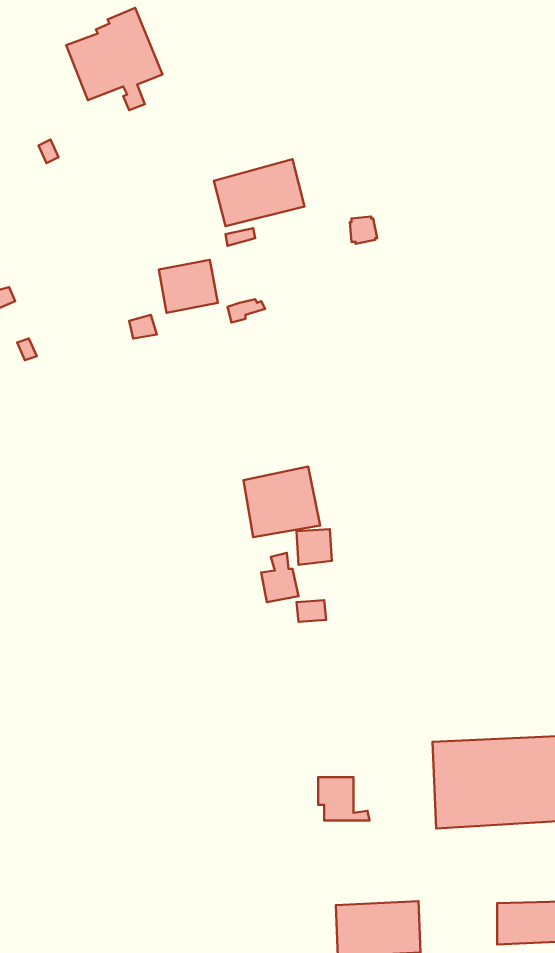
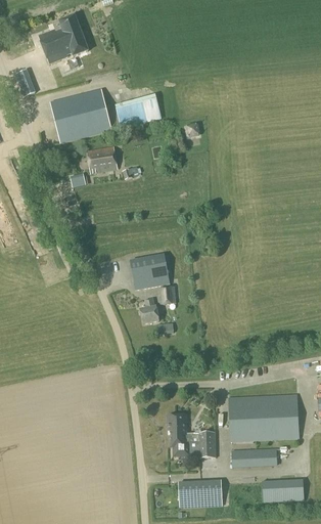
building: none -> [50,89,111,142]
building: none -> [172,432,215,457]
building: none -> [231,447,276,467]

